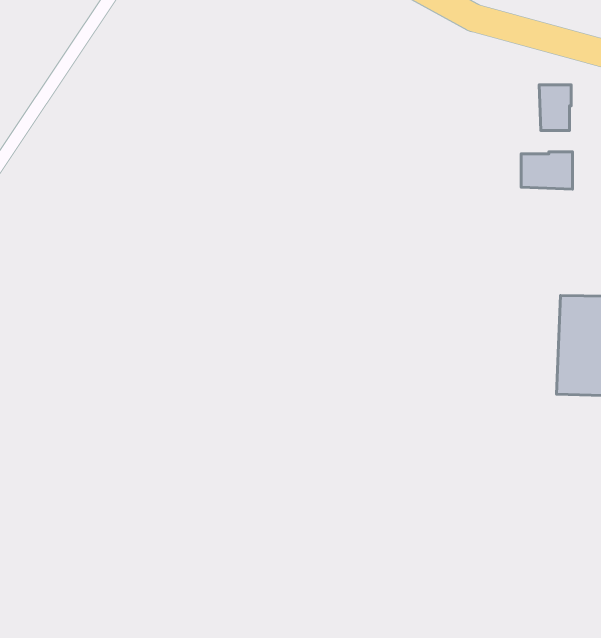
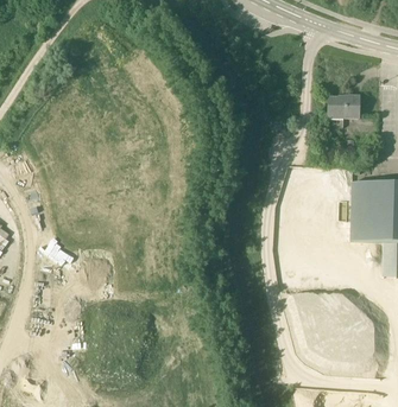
building: [539,85,571,130] -> none

